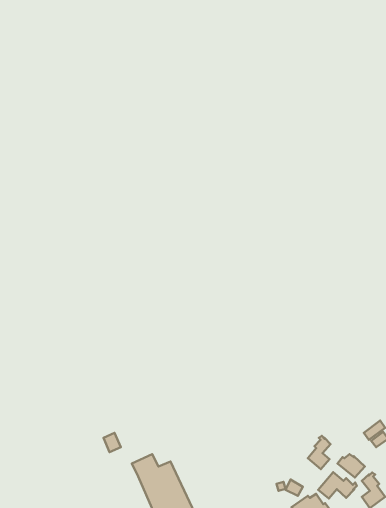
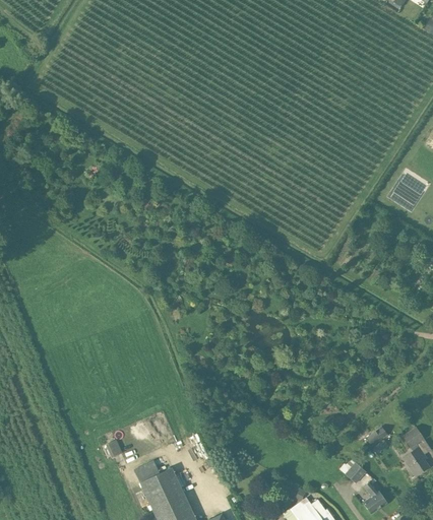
building: [308,436,331,469] -> none
building: [318,472,357,499] -> none

